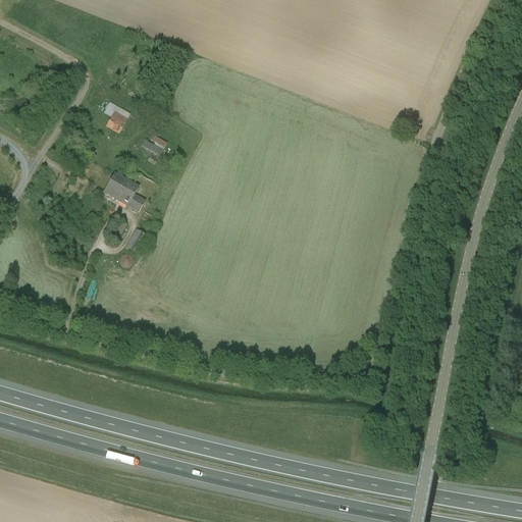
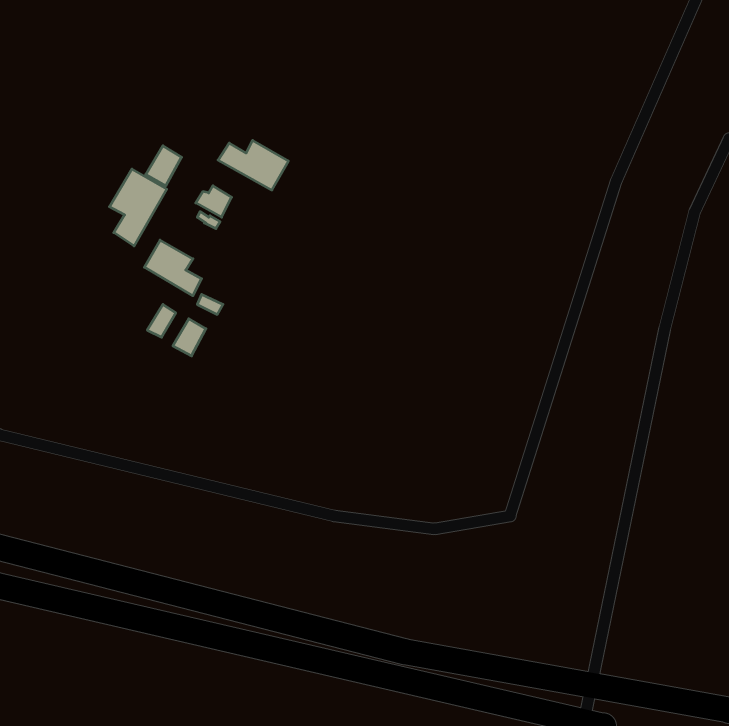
building: none -> [218,140,288,190]
building: none -> [109,169,167,246]

